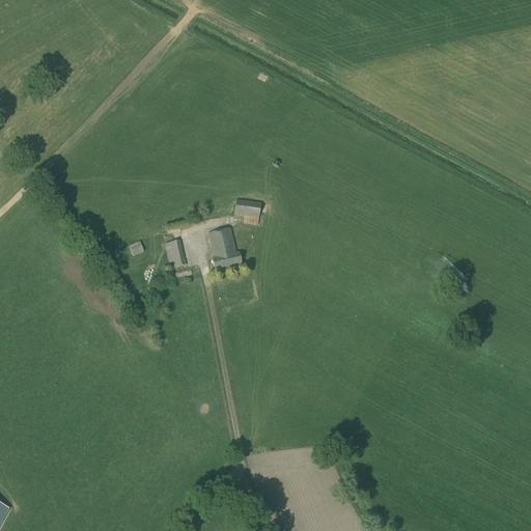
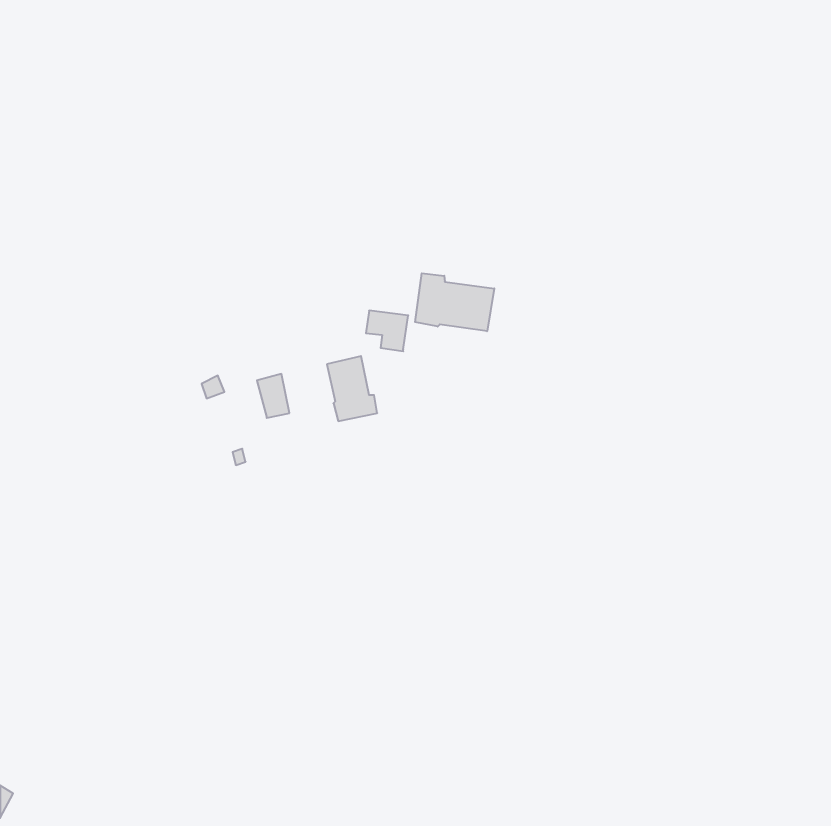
building: none -> [415,273,494,331]

